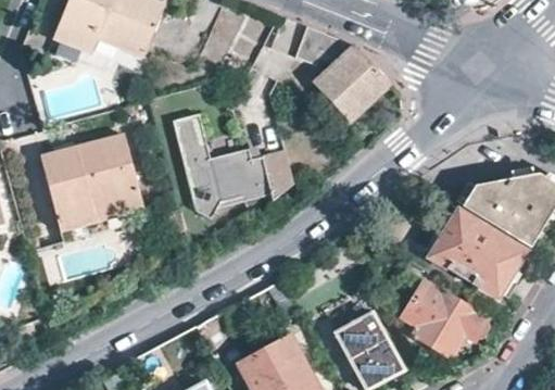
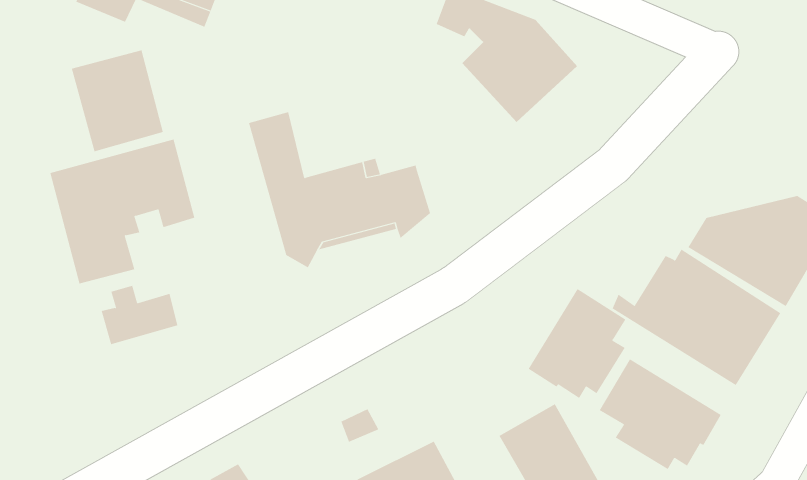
building: none -> [71,49,163,152]
building: [87,179,139,219] -> [101,285,178,345]
building: none -> [528,288,626,399]

